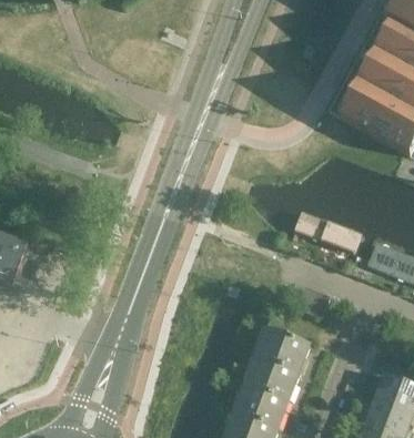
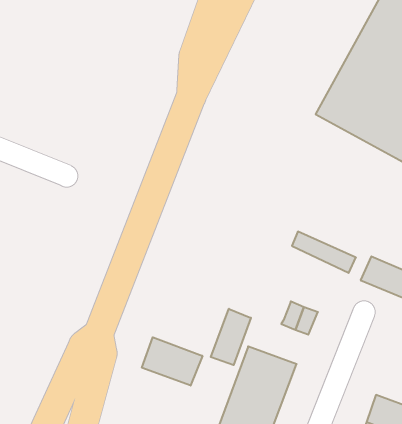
building: none -> [211,309,251,365]
building: none -> [142,337,202,386]

